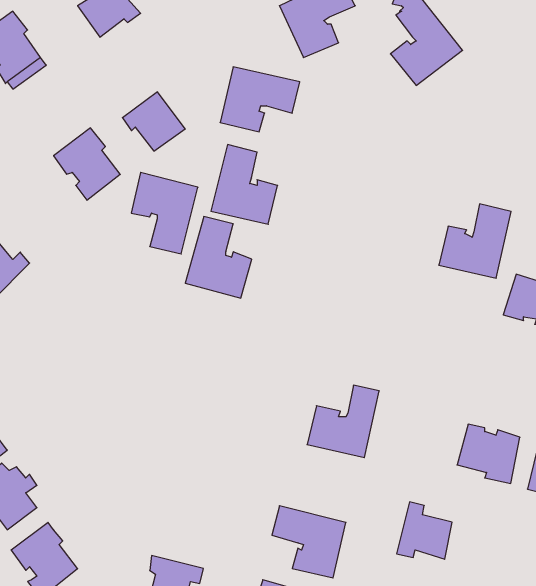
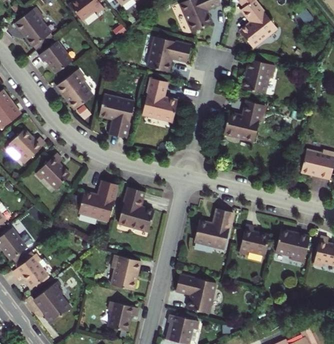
building: [122,92,185,151] -> [38,40,72,72]
building: none -> [242,60,275,94]
building: [439,204,511,278] -> [224,101,263,141]
building: [185,217,252,298] -> [119,188,155,232]
building: none -> [36,153,70,188]
building: none -> [79,181,119,221]
building: none -> [111,255,140,290]
building: [397,502,452,559] -> [239,224,269,255]

